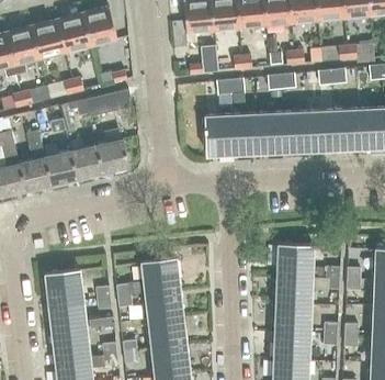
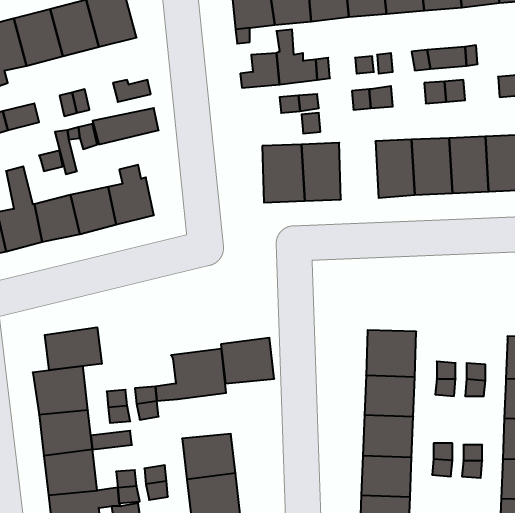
building: [258,112,285,153] -> none
building: none -> [45,327,102,370]
building: [145,288,182,320] -> [221,338,274,384]

